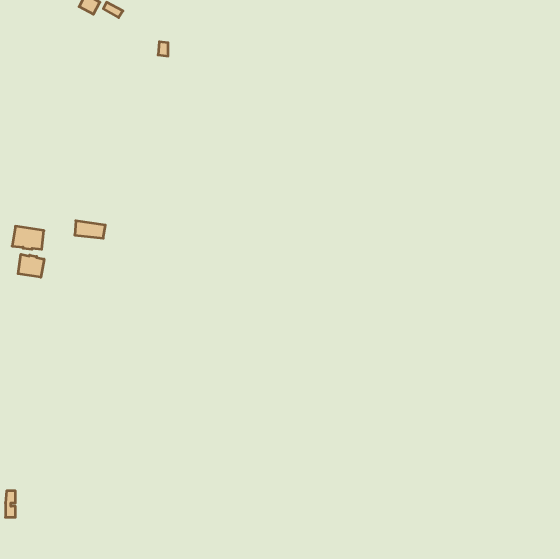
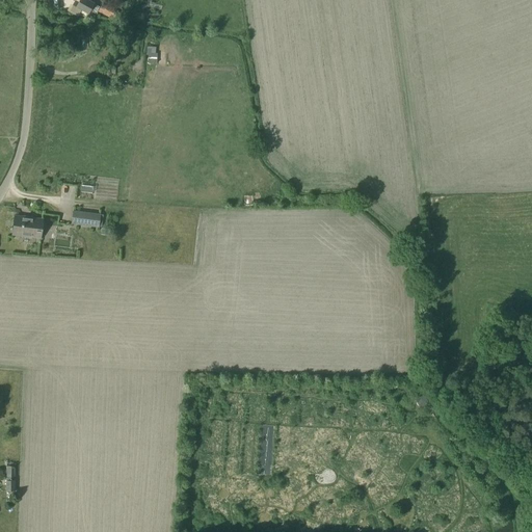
building: [18,254,44,277] -> none

